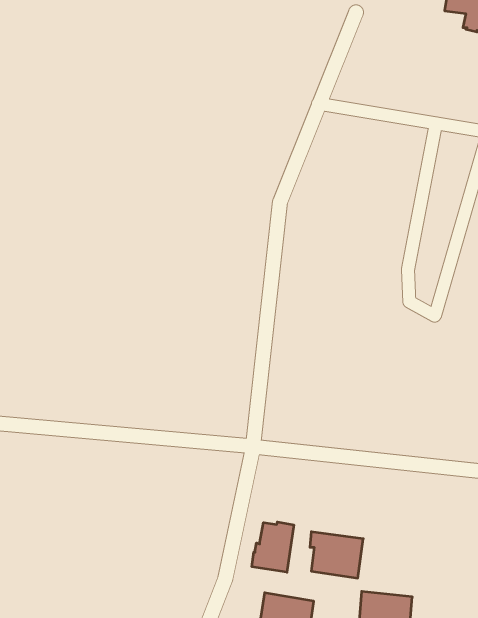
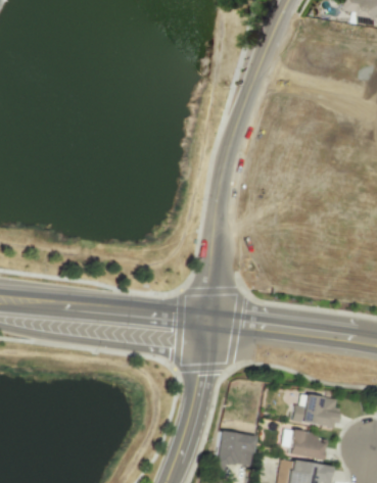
building: [252,522,294,572] -> none
building: [310,532,363,578] -> [300,393,339,427]

